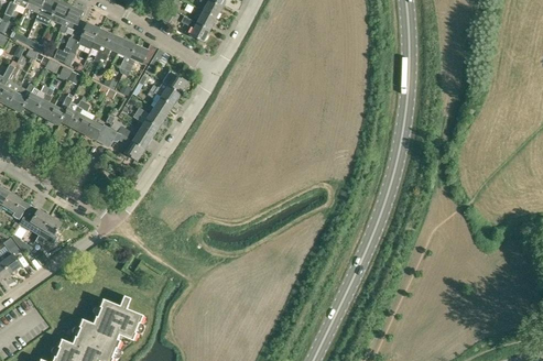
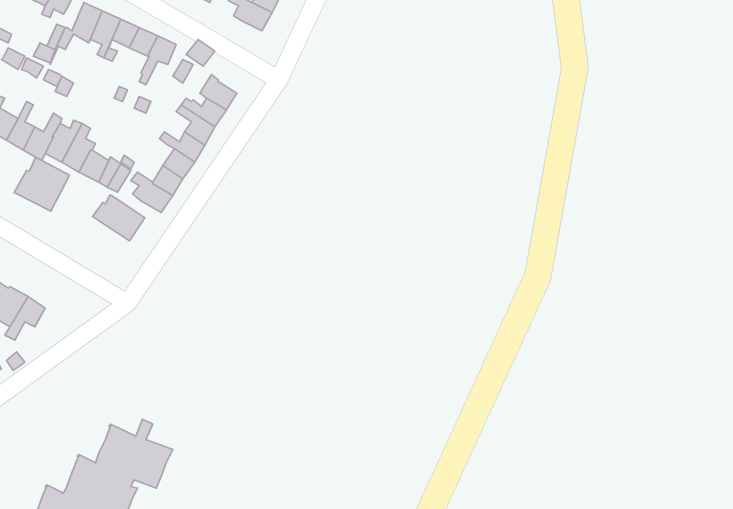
building: none -> [14,158,70,211]
building: none -> [92,195,145,241]

